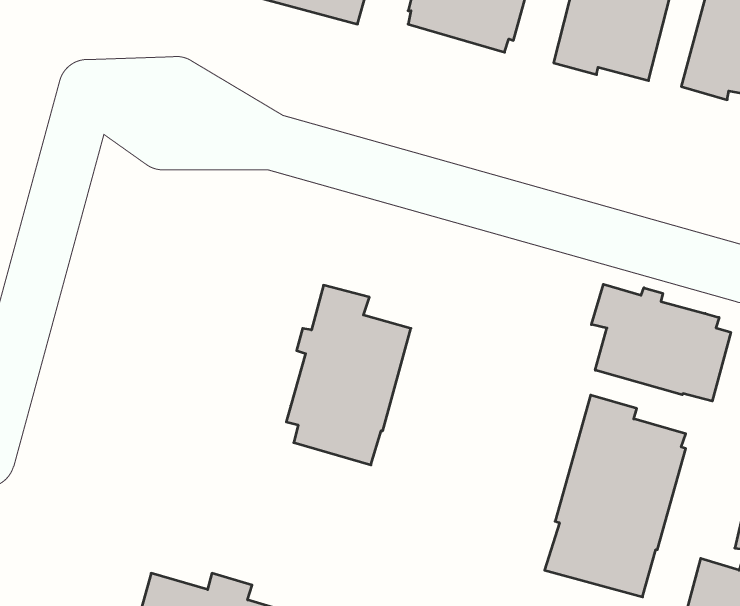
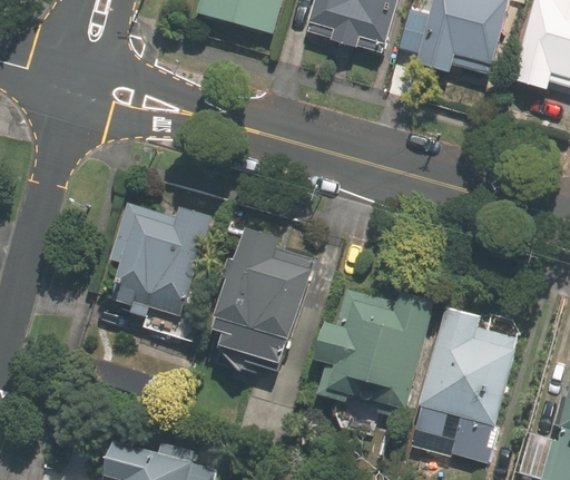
building: none -> [109,203,209,316]
building: [591,284,731,401] -> none
building: none -> [316,290,433,420]

